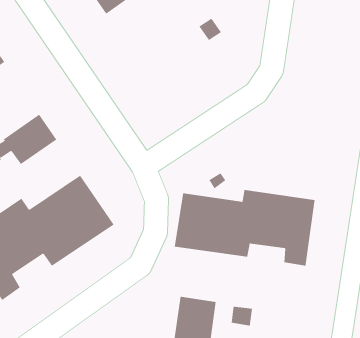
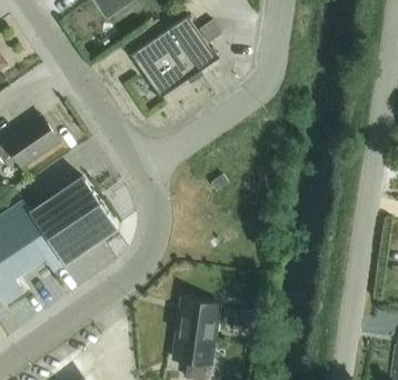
building: none -> [128,14,219,101]
building: [174,189,315,267] -> none

